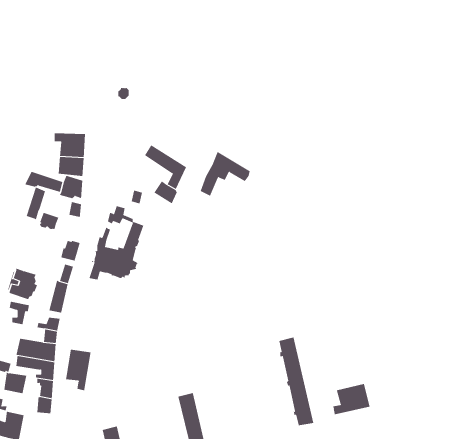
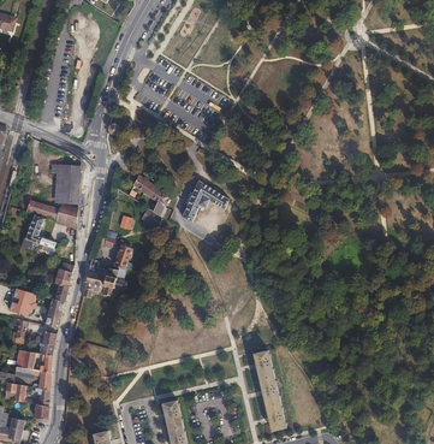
building: [65,349,91,391] -> none
building: [333,383,370,415] -> none

